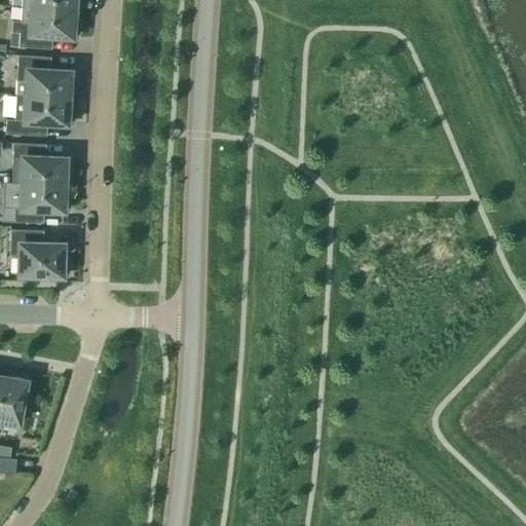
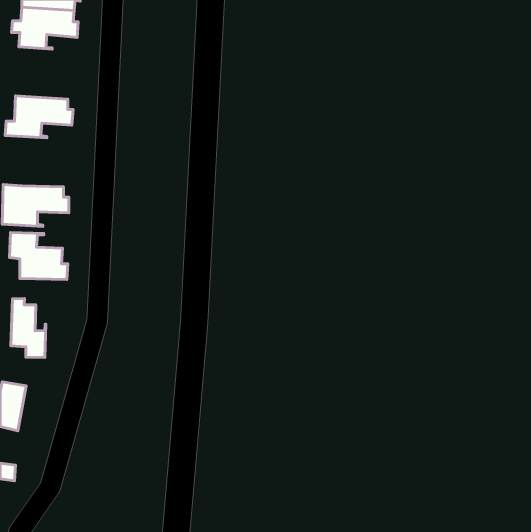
building: [17,54,76,98] -> none
building: [14,143,72,184] -> none
building: none -> [11,299,46,358]

